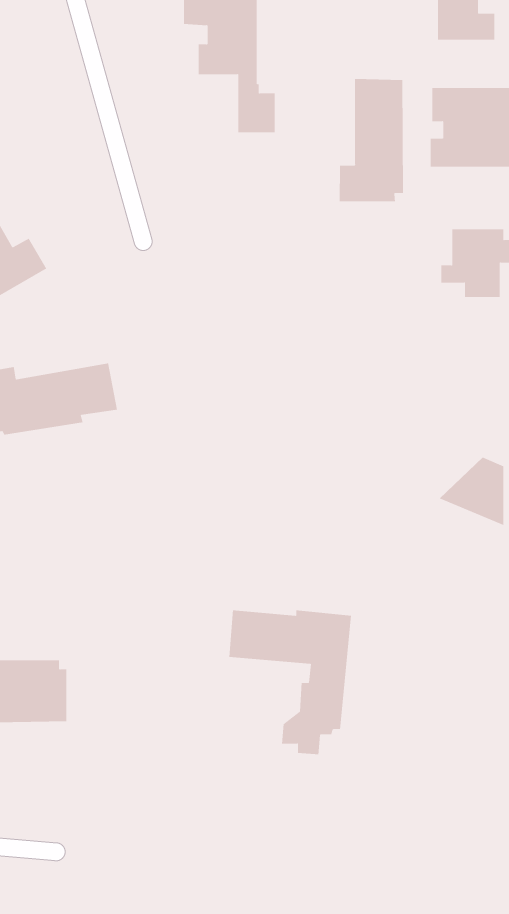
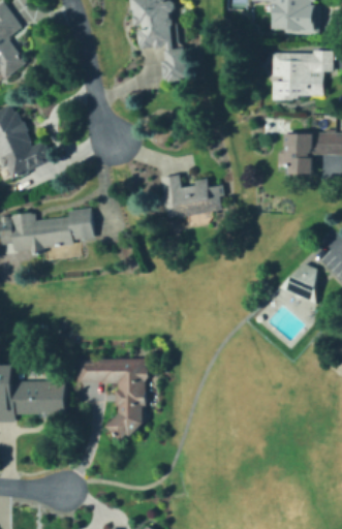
building: [339,78,404,202] -> none
building: none -> [161,176,223,219]
building: [228,610,352,755] -> [77,355,148,438]

